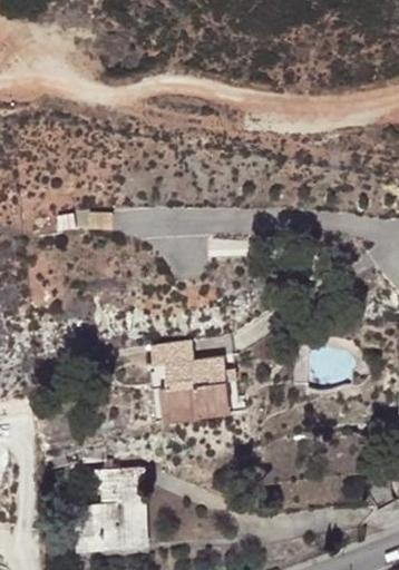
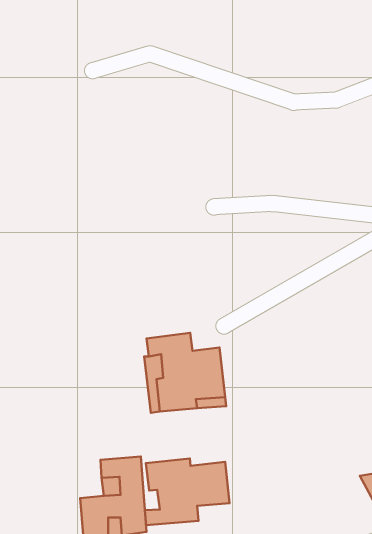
building: none -> [145,458,229,525]

